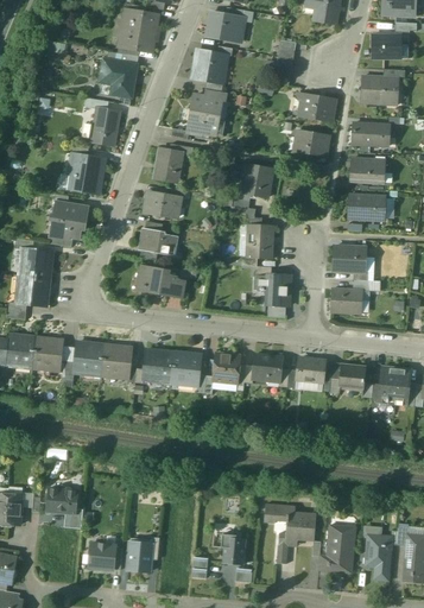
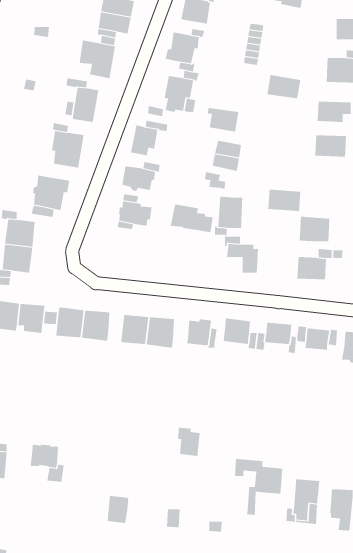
building: [295,131,329,157] -> [207,107,239,132]
building: [348,196,384,220] -> [268,189,301,211]
building: [138,267,184,298] -> [170,204,214,233]
building: [221,534,246,565] -> [177,427,201,456]
building: [88,543,115,570] -> none

